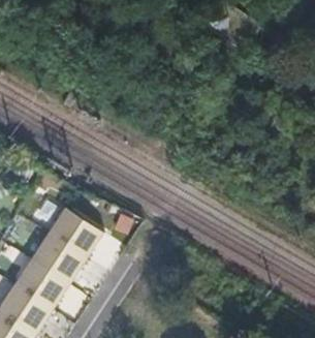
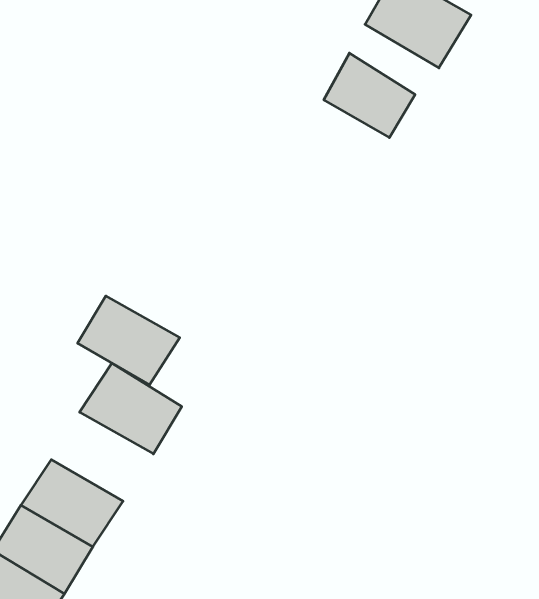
building: none -> [324,53,415,138]
building: [32,234,88,282] -> [78,296,180,385]

